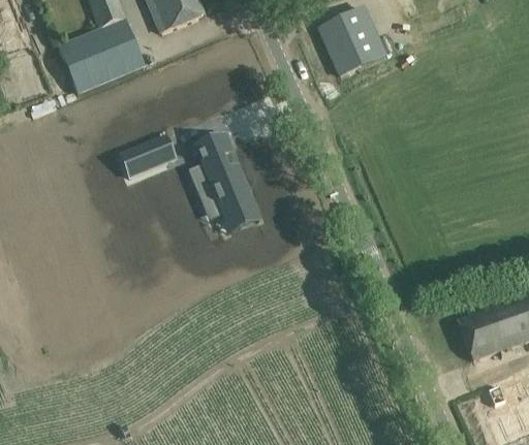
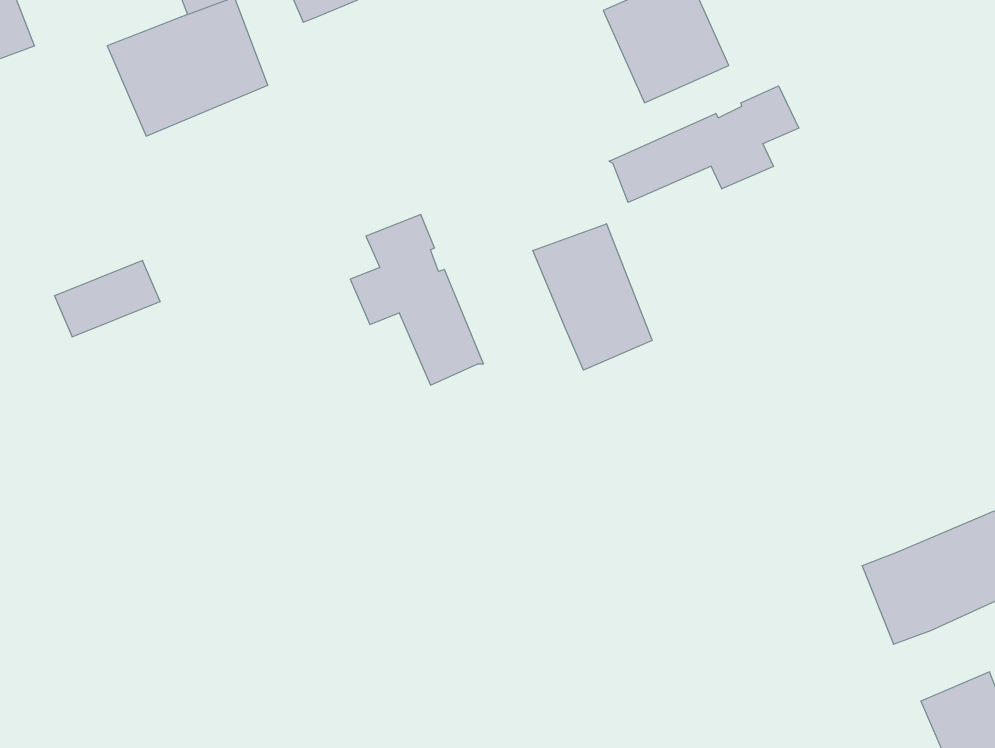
building: none -> [609,86,799,202]
building: [121,134,177,174] -> [54,260,160,337]
building: none -> [533,224,652,370]

